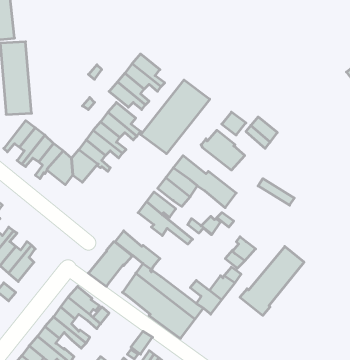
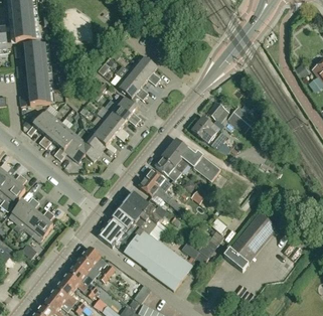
building: [141,80,210,154] -> none
building: none -> [127,191,168,223]

